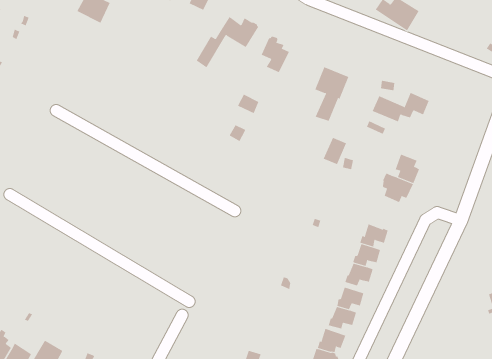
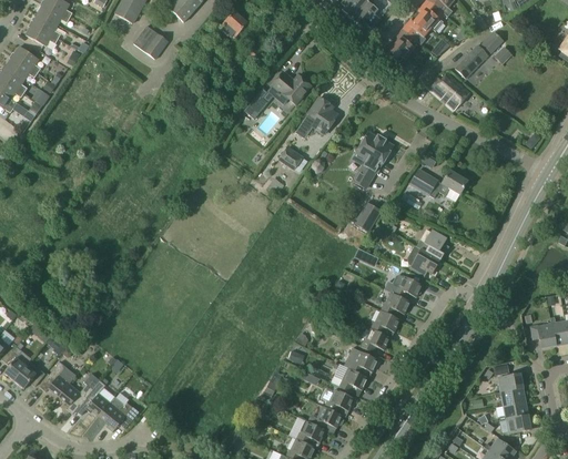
building: none -> [392,275,423,299]

